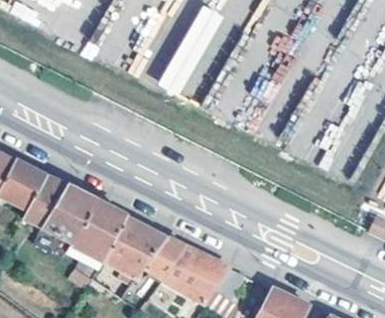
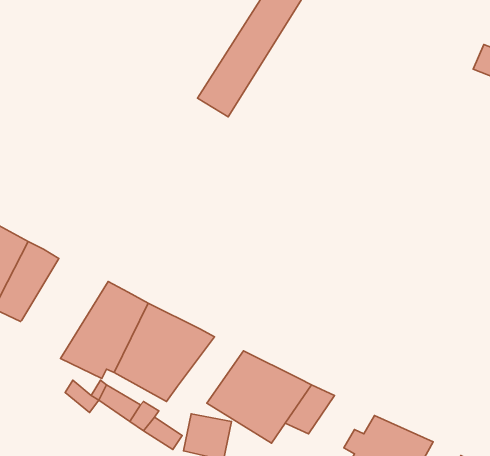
building: [41,184,98,242] -> none
building: [143,235,186,279] -> none

